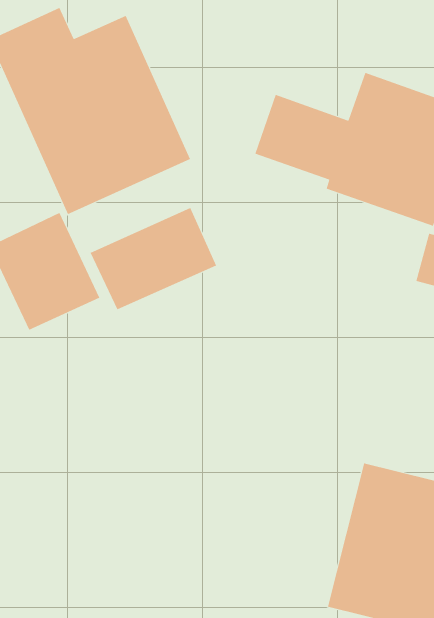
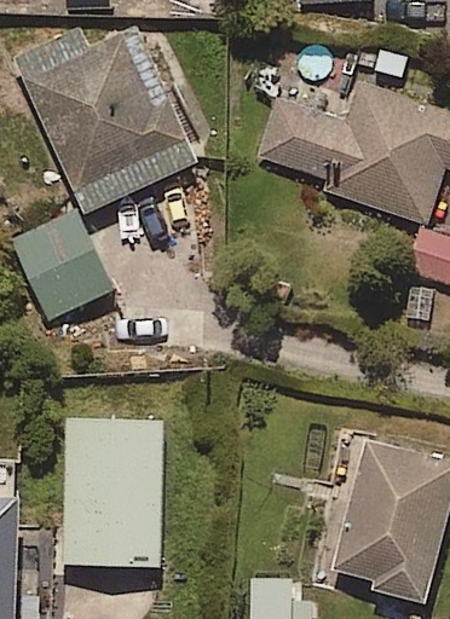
building: [90,207,217,310] -> none
building: none -> [62,420,163,569]

